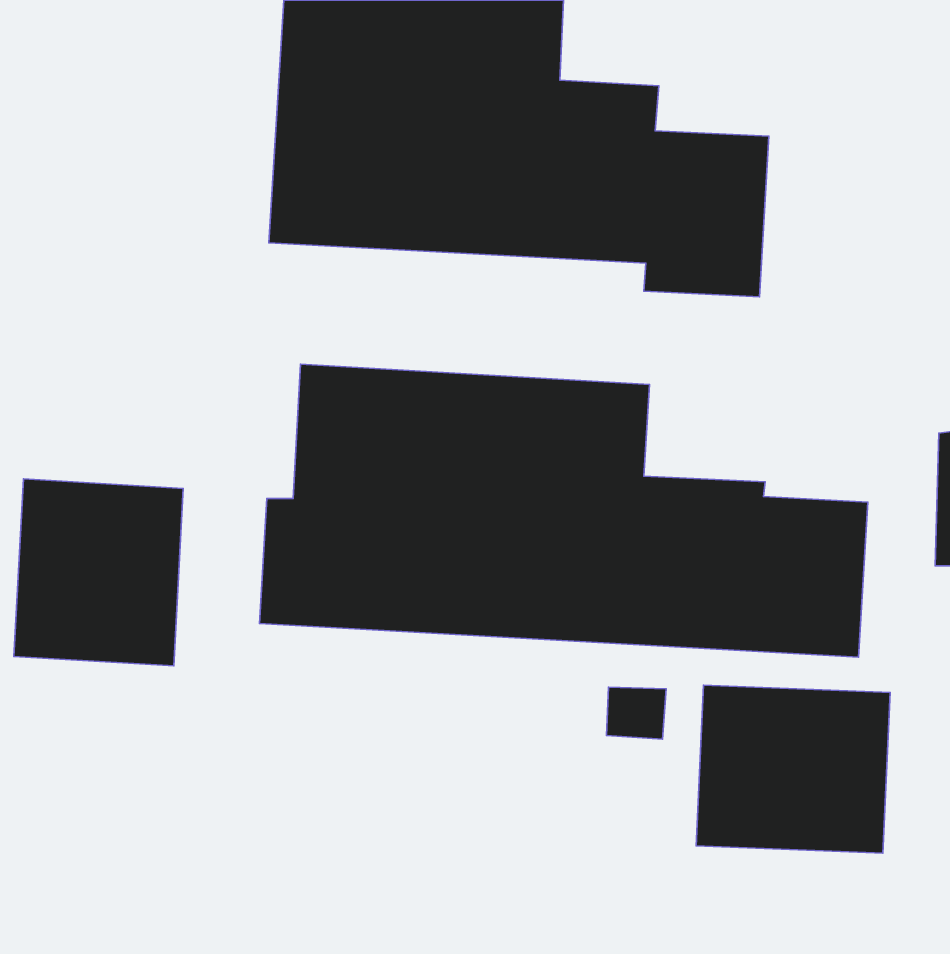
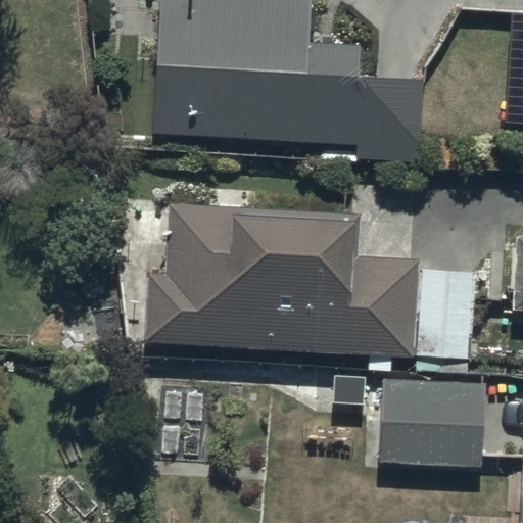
building: [14,479,183,666] -> none

